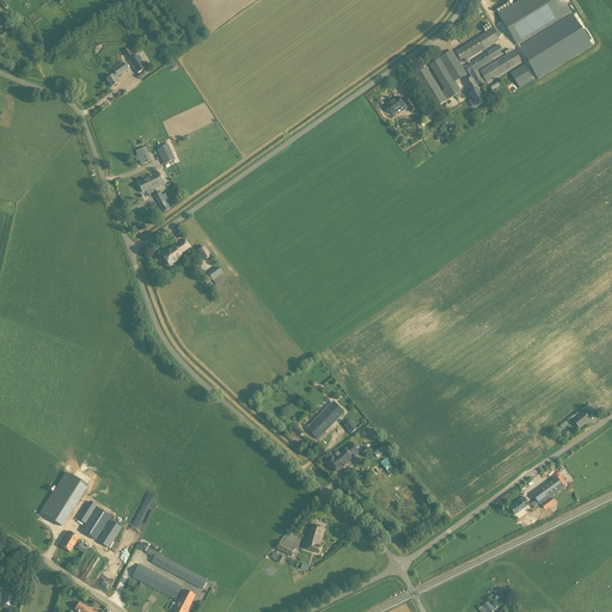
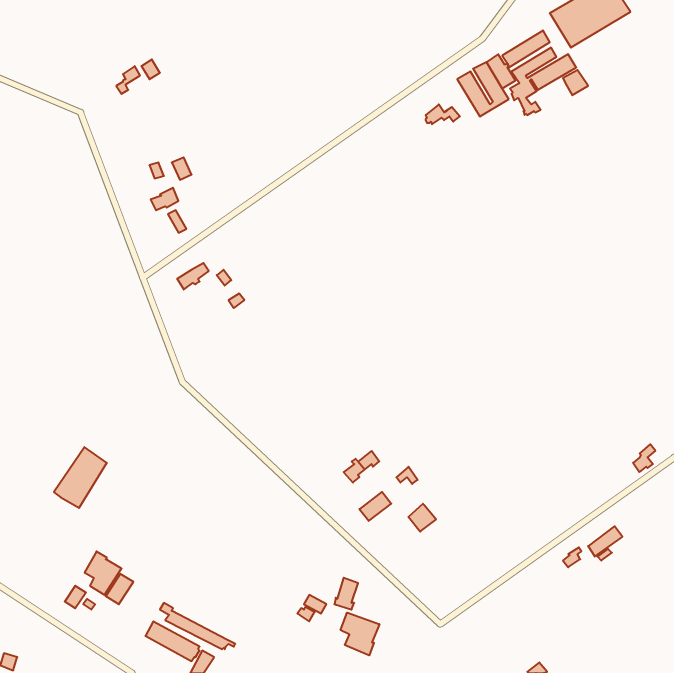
building: [518,13,592,76] -> none
building: [38,470,86,525] -> [54,447,107,508]
building: none -> [341,613,379,655]

